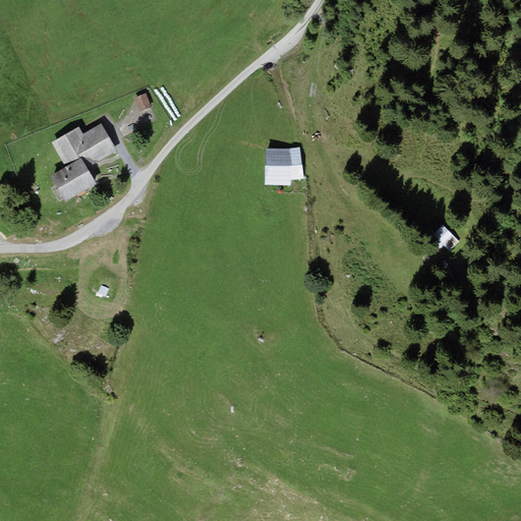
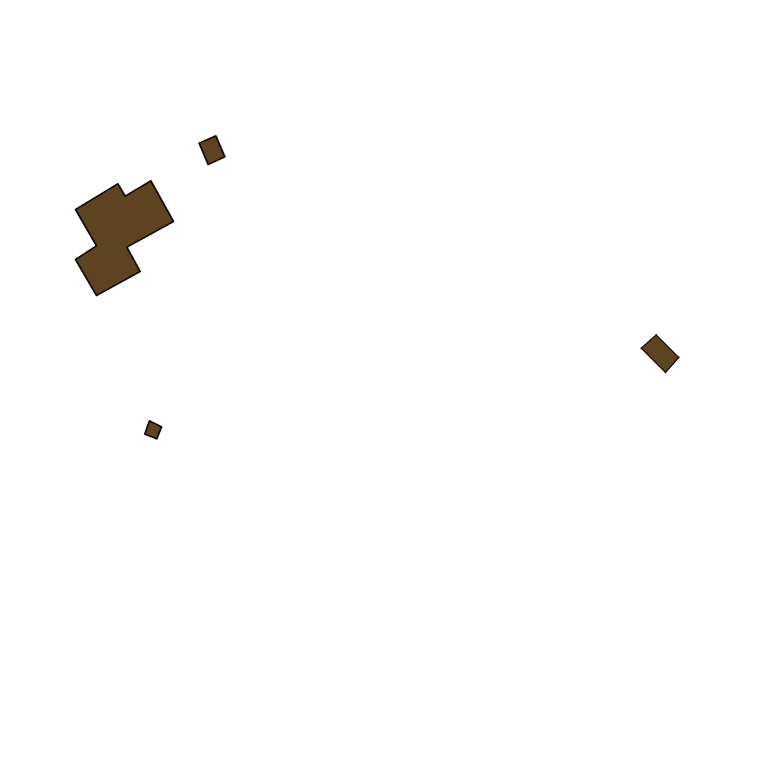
building: [265,147,304,185] -> none

